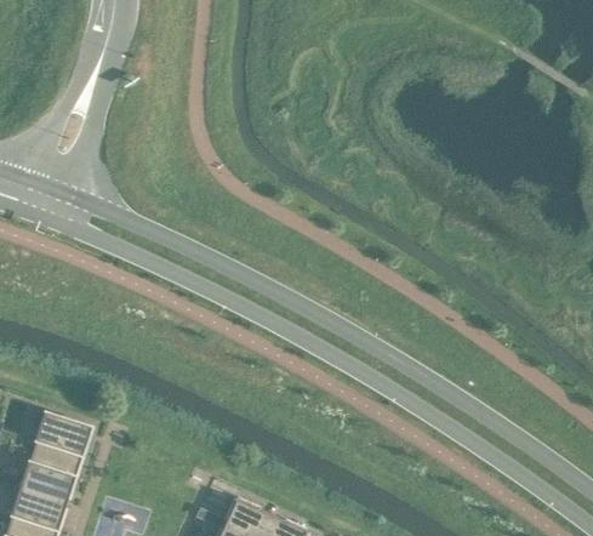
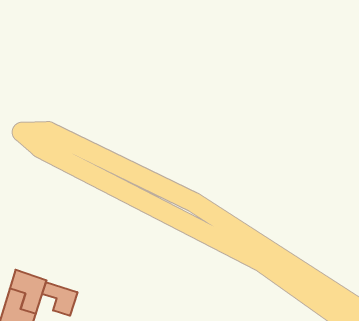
building: none -> [42,282,77,316]

